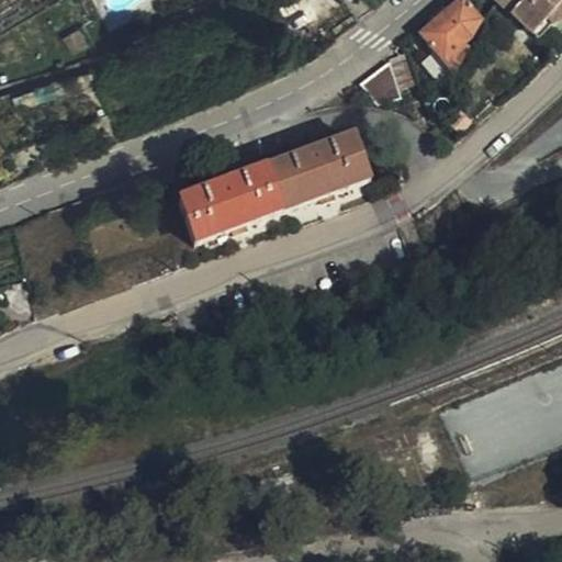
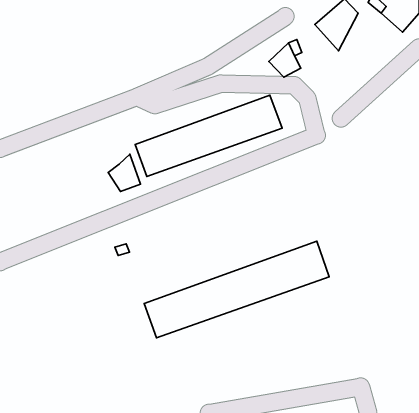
building: none -> [108,154,140,192]
building: none -> [144,241,329,338]

